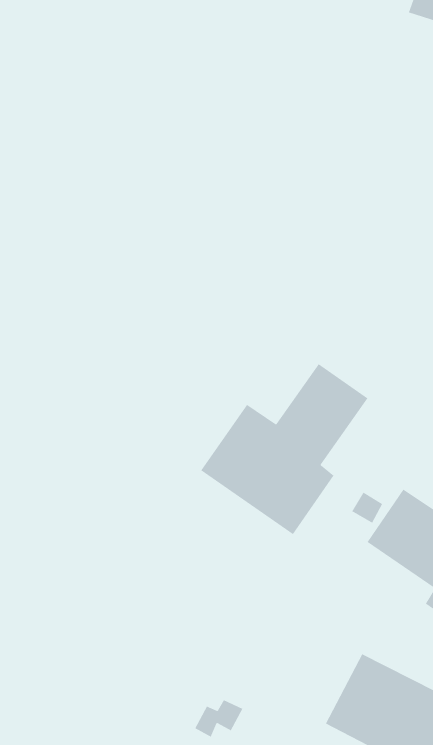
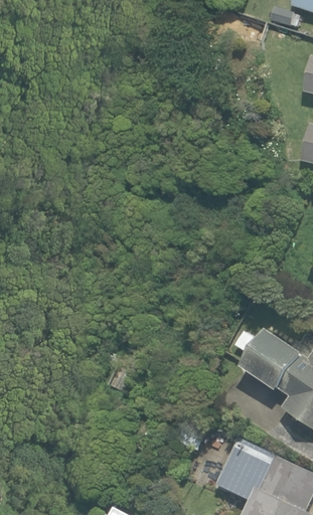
building: [200,363,368,535] -> none

